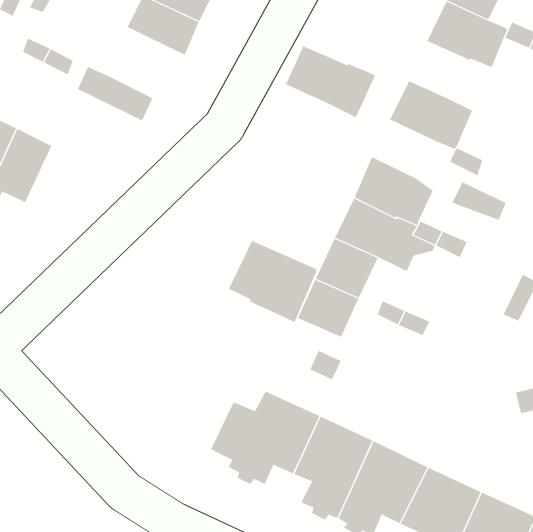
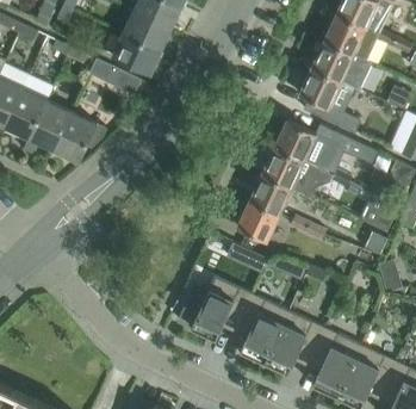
building: none -> [112,33,162,75]
building: [285,45,376,118] -> [312,43,373,92]
building: none -> [55,113,107,163]
building: [228,240,318,323] -> none

